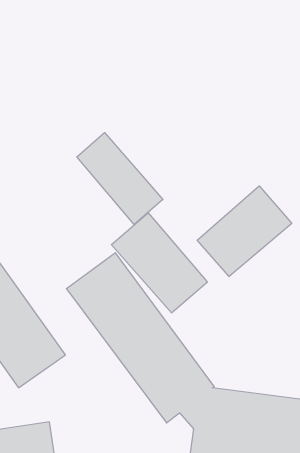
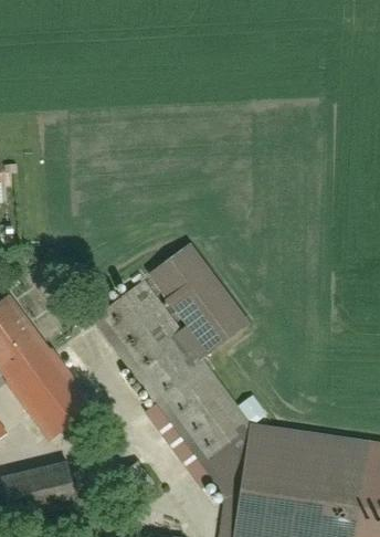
building: [77,133,163,224] -> none
building: [197,186,292,277] -> none

